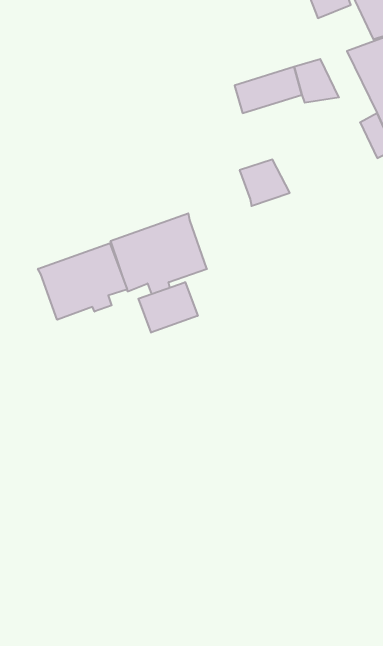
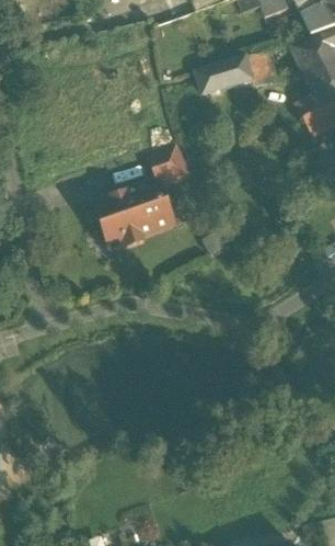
building: [240,160,290,206] -> [150,147,192,185]
building: [38,243,127,320] -> none
building: [138,282,198,333] -> none

